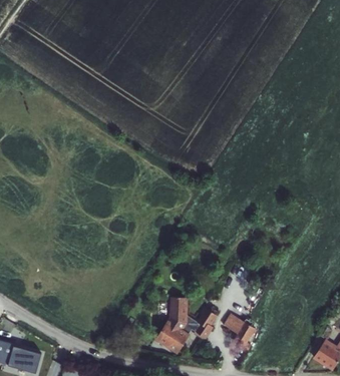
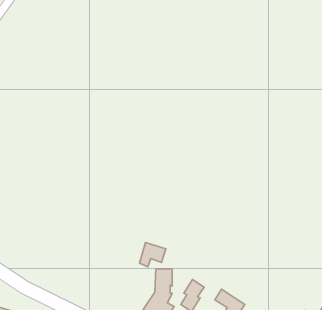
building: none -> [139,243,166,267]

